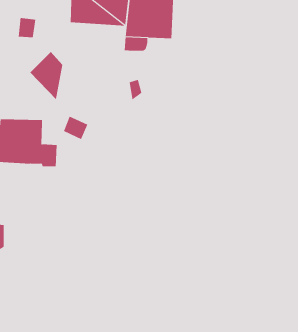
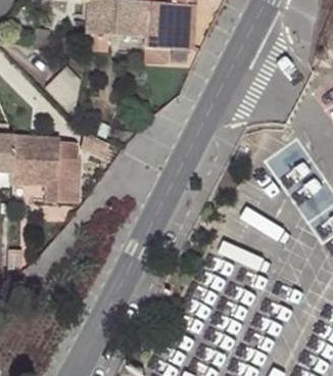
building: none -> [44,141,79,203]

